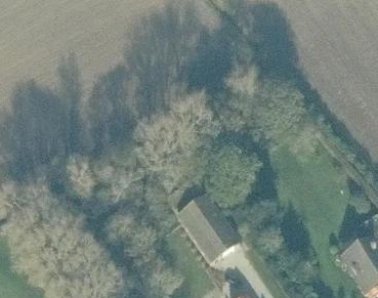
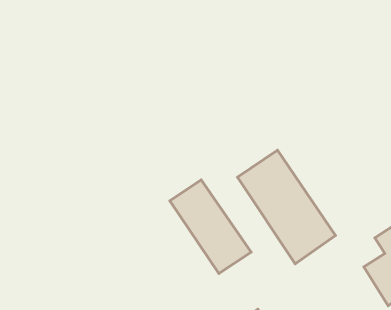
building: none -> [238,150,335,264]

